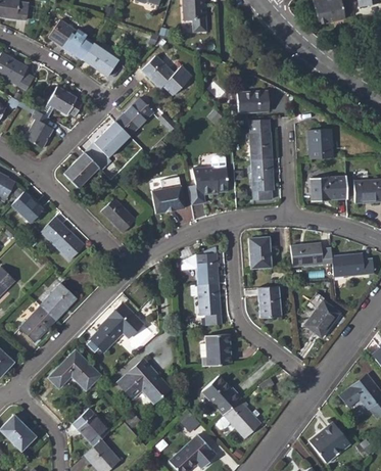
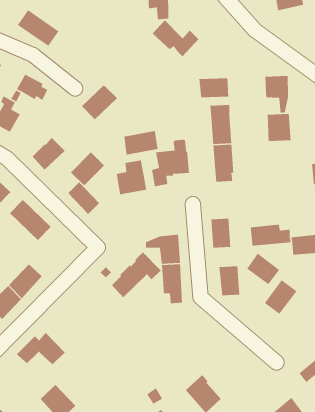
building: [82,43,118,76] -> none
building: [142,55,191,94] -> [152,20,199,57]
building: none -> [264,75,289,114]
building: [94,121,130,156] -> [70,152,105,186]
building: none -> [124,130,159,155]
building: [311,176,347,200] -> none
building: none -> [246,253,280,285]
building: [91,303,143,351] -> [111,252,162,298]
building: [202,334,231,366] -> none
building: [116,359,170,404] -> none
building: [201,376,241,414] -> none

